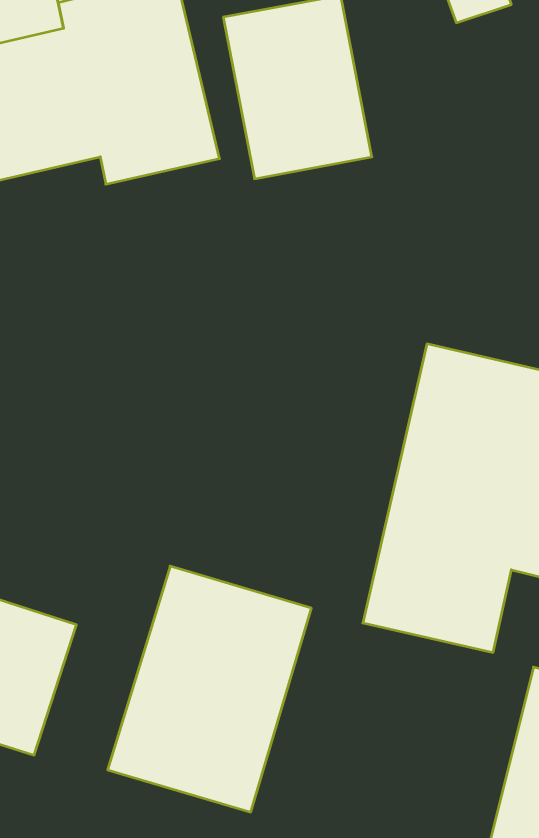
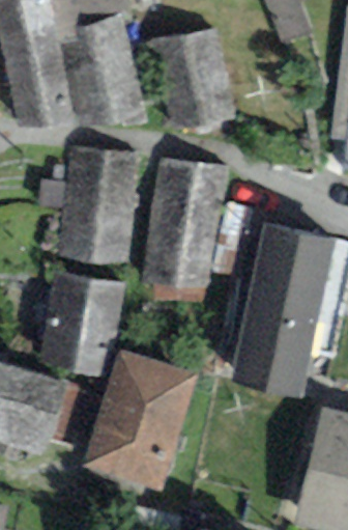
building: none -> [57,144,139,264]
building: none -> [139,155,228,287]
building: none -> [38,271,122,373]

